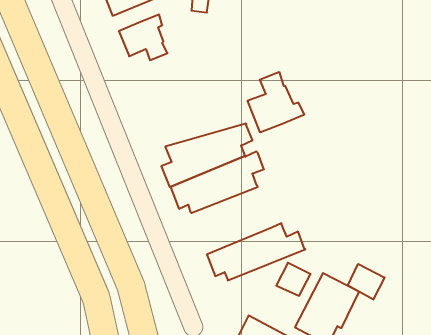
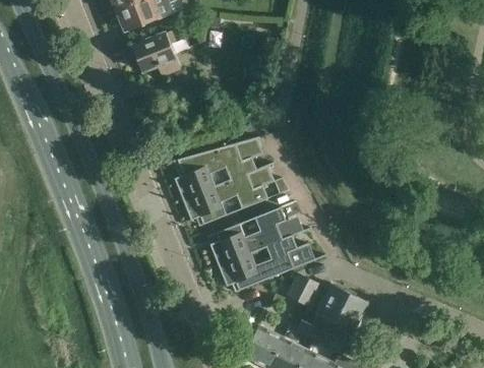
building: [248,72,304,132] -> none
building: none -> [209,207,287,265]
building: [348,264,385,300] -> none

